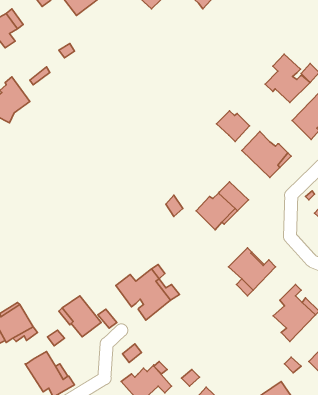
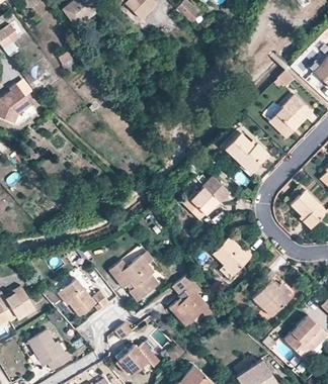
building: [265,54,310,103] -> none
building: [217,111,250,142] -> none
building: none -> [168,275,215,326]

